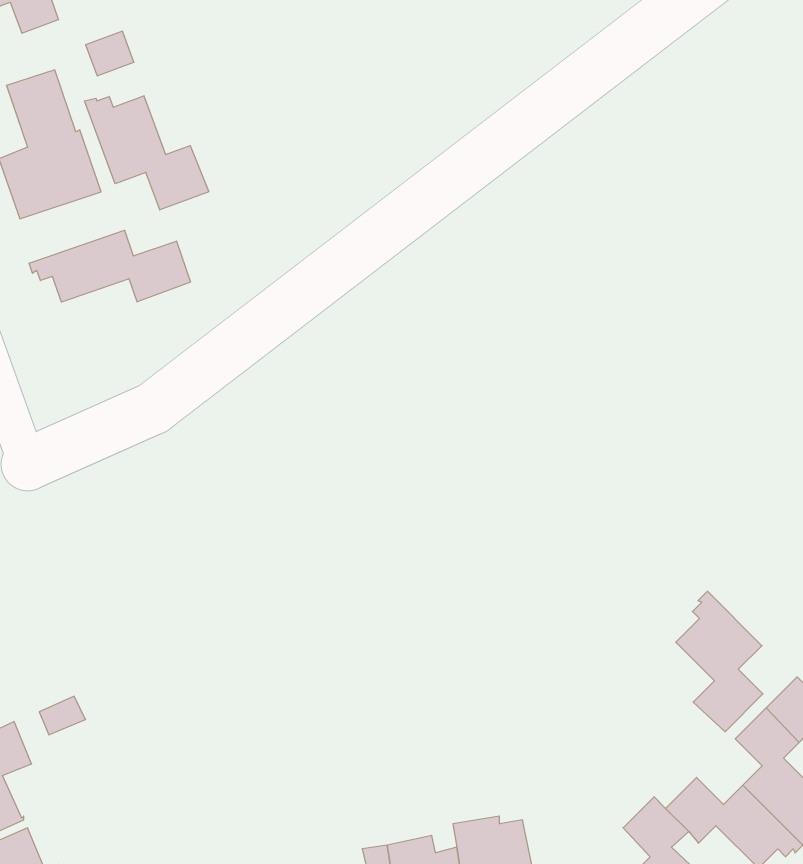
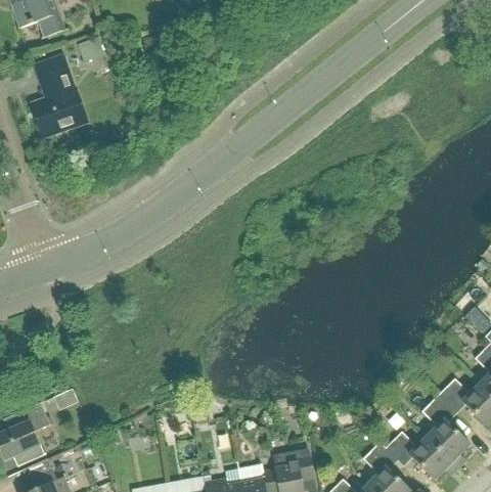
building: [85,96,209,210] -> none
building: [29,230,191,302] -> none
building: [676,591,763,732] -> none

